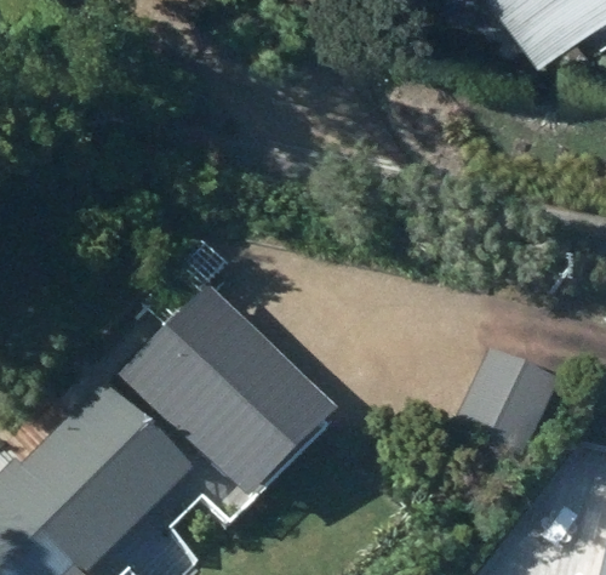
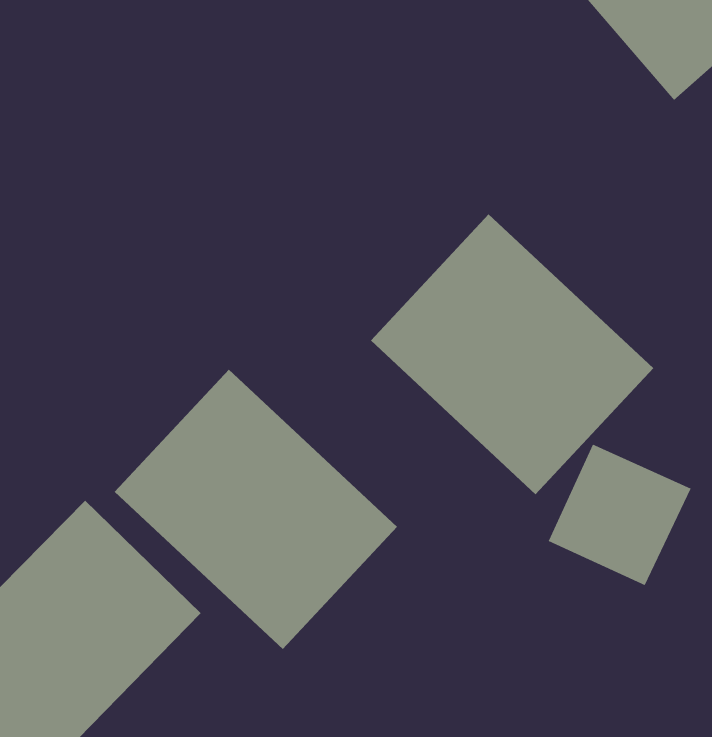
building: none -> [370,214,654,495]

